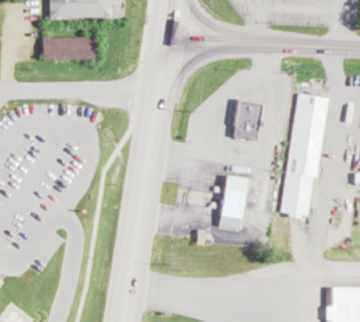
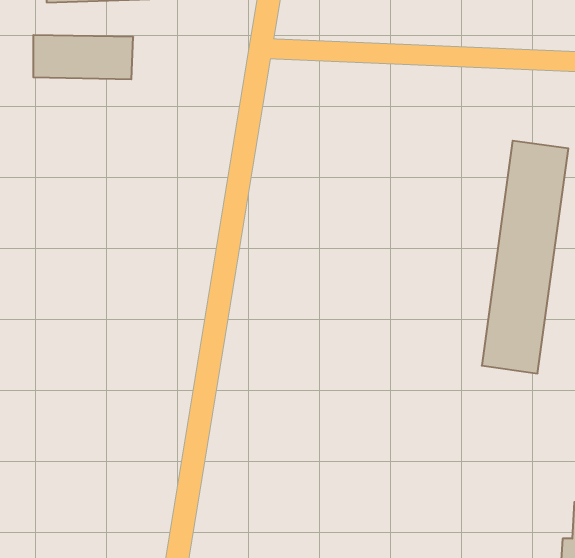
building: [232,101,258,140] -> none
building: [217,176,245,229] -> none

